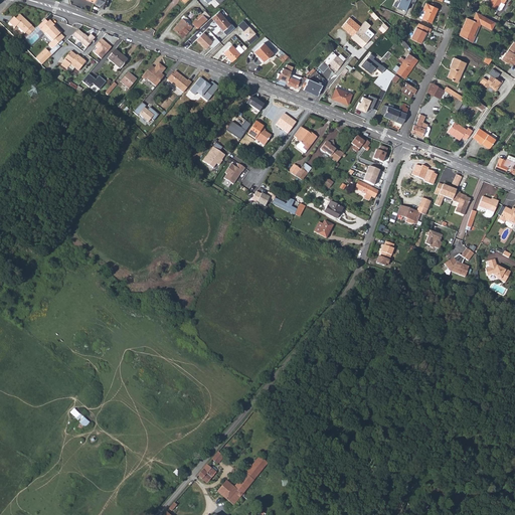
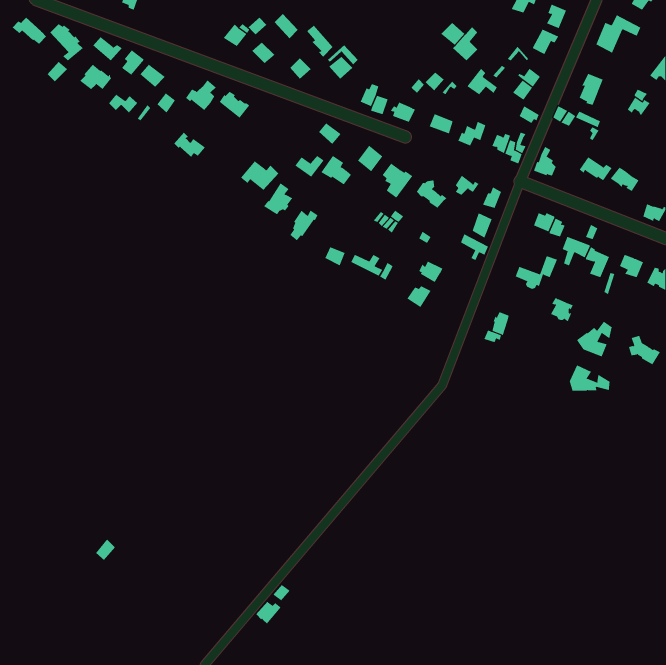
building: [189,76,219,100] -> [240,161,279,191]
building: none -> [569,365,610,391]
building: [216,455,268,504] -> none

